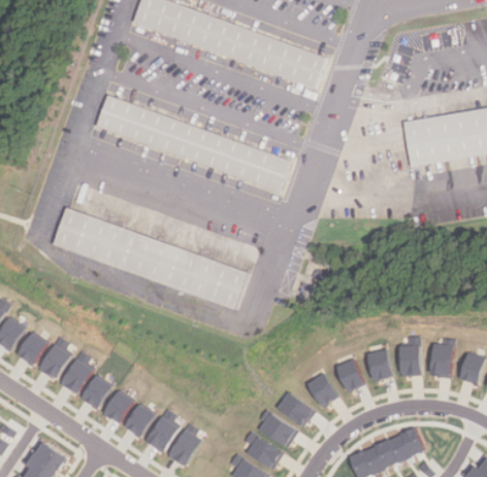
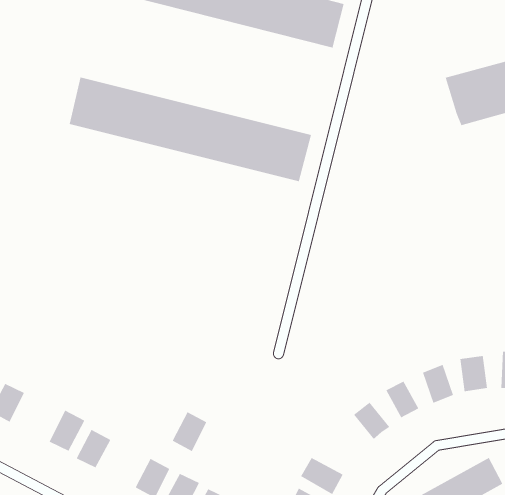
building: [58,201,258,309] -> none
building: [36,347,66,379] -> none
building: [101,391,131,424] -> [172,411,207,452]
building: [277,396,310,428] -> none

